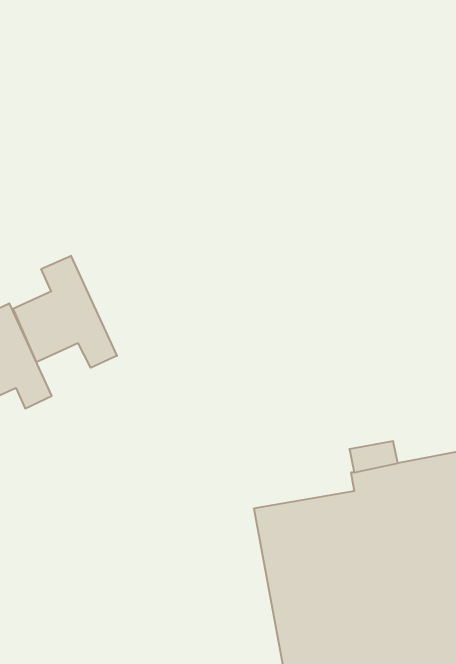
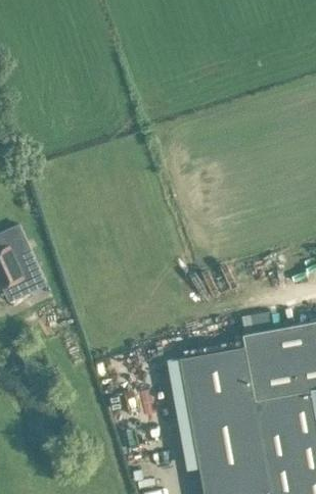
building: [13,256,117,368] -> none

